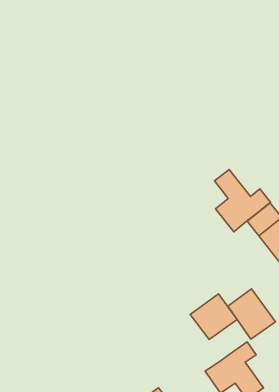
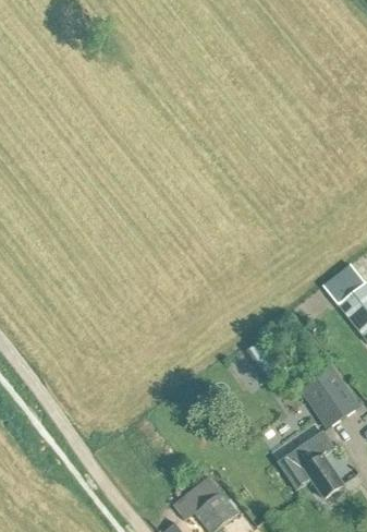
building: [214,169,271,232] -> none
building: [190,294,237,339] -> none

